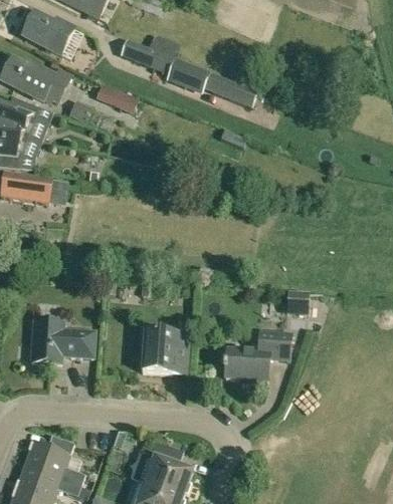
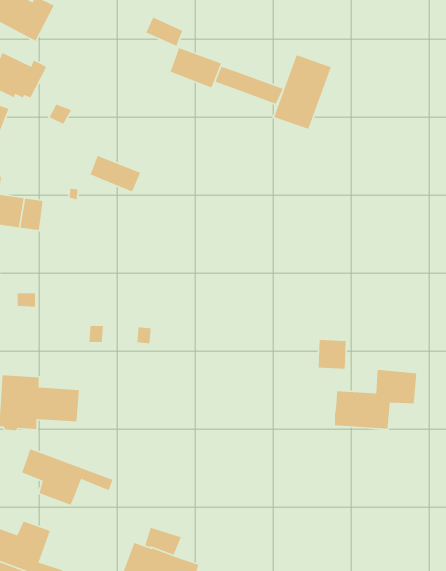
building: [122,39,174,73] -> none
building: none -> [273,54,332,130]
building: [96,82,138,112] -> [90,155,141,193]
building: [141,331,188,373] -> none
building: [224,331,290,380] -> [334,369,417,430]
building: none -> [21,448,114,506]

